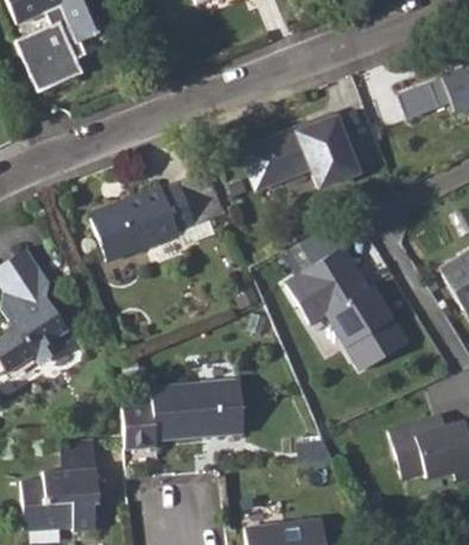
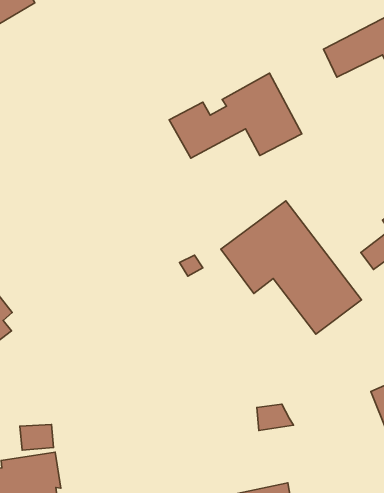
building: [91,184,195,261] -> none
building: [122,379,244,447] -> none

